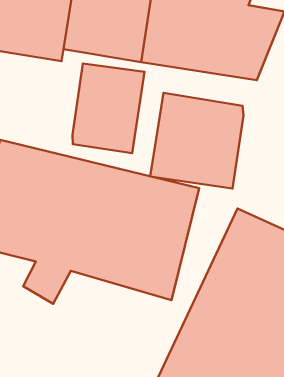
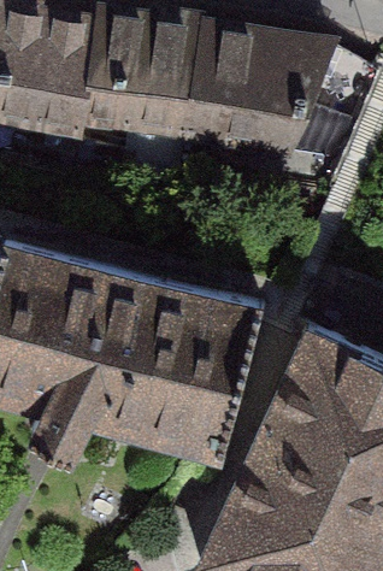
building: [73,64,144,153] -> none
building: [150,93,243,188] -> none

